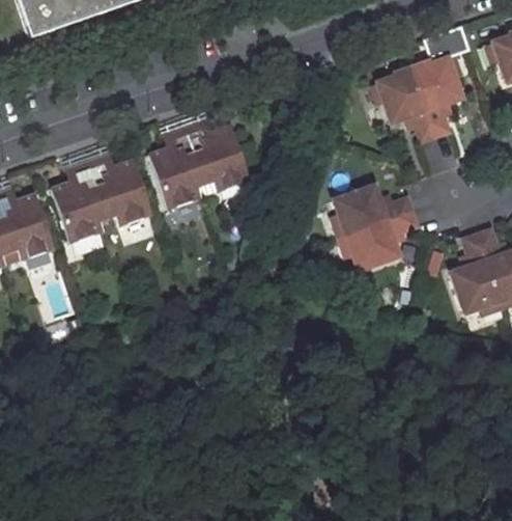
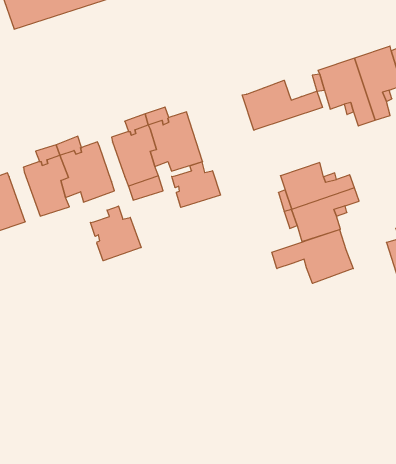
building: none -> [242,80,322,130]
building: none -> [172,162,220,207]
building: none -> [90,206,141,261]
building: none -> [272,230,353,283]

